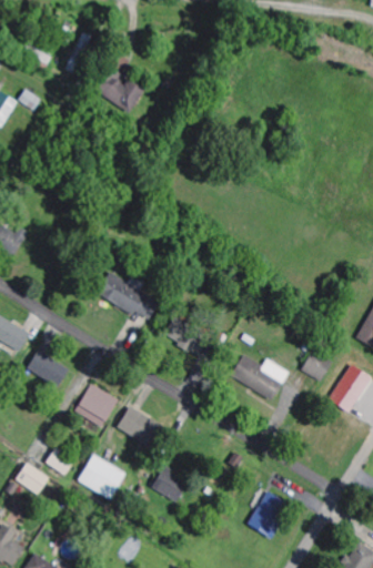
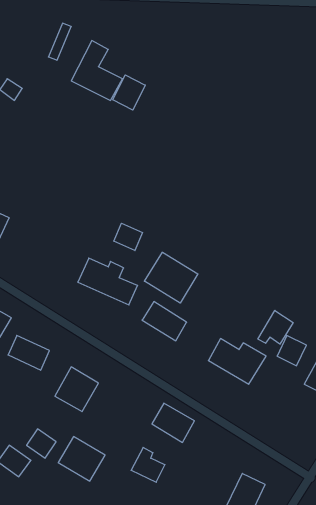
building: none -> [113,75,145,110]
building: none -> [114,223,142,251]
building: none -> [144,252,198,303]
building: none -> [258,310,293,344]
building: [117,406,160,446] -> [152,403,194,442]

